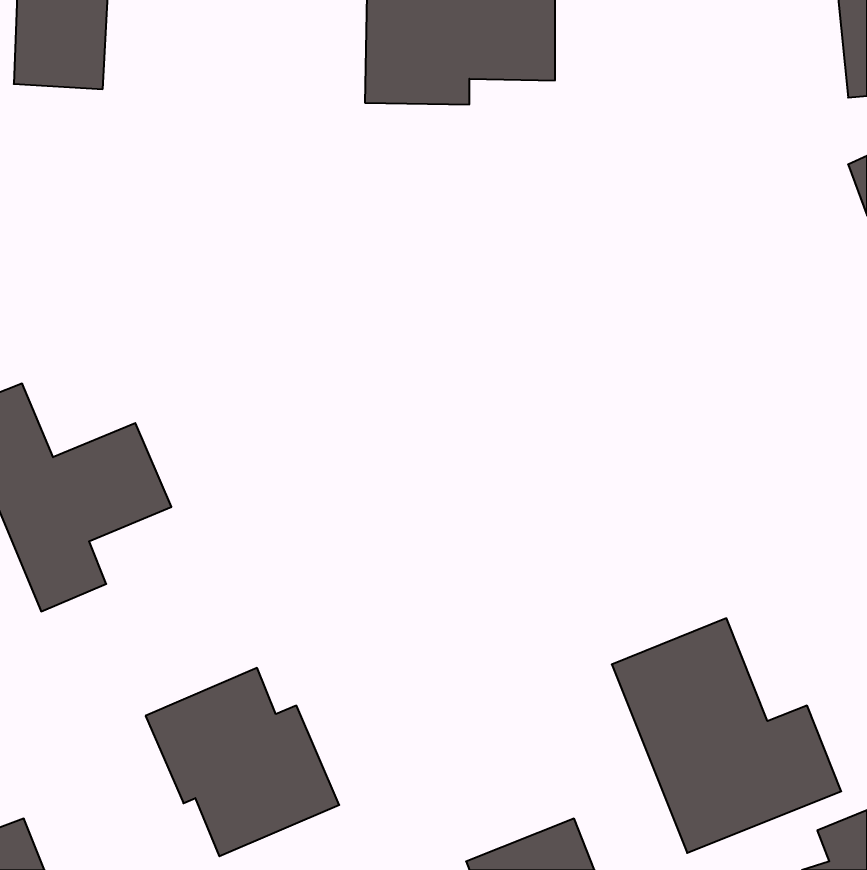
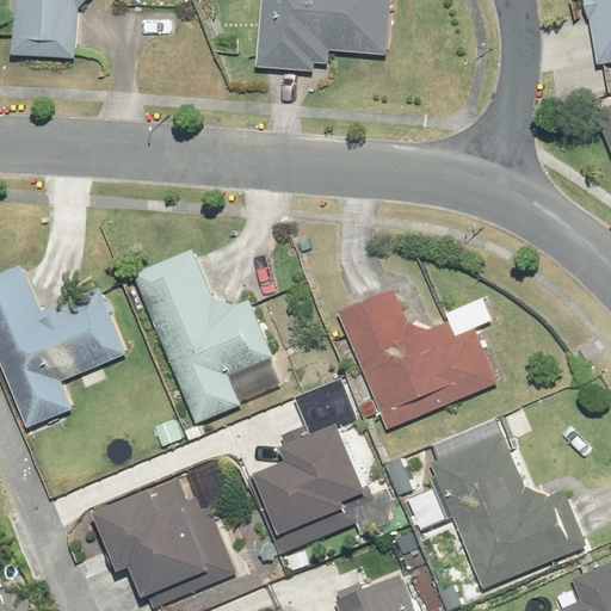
building: none -> [134,251,270,425]
building: none -> [339,292,496,427]
building: none -> [253,412,378,542]

